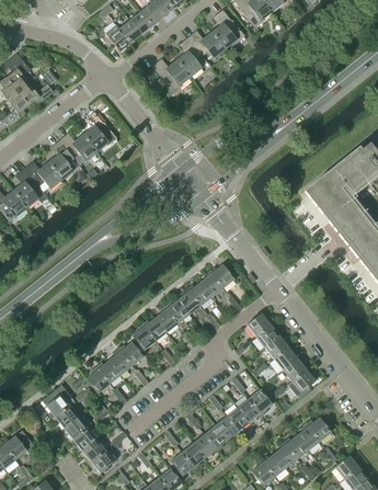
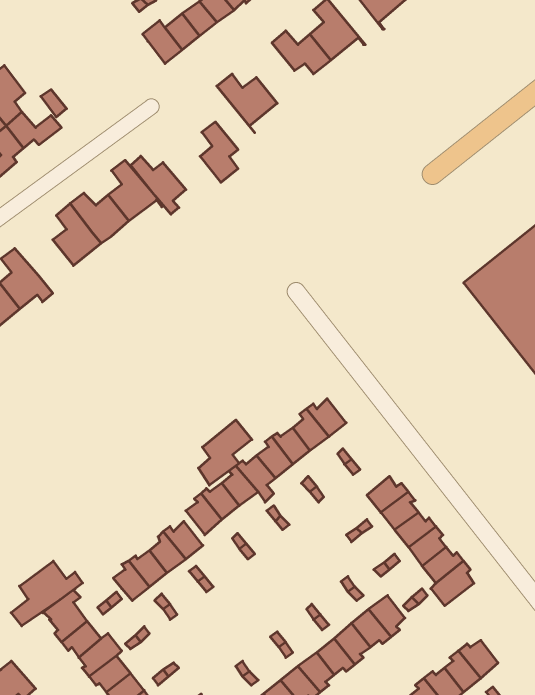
building: [176,38,201,77] -> [200,122,238,182]
building: none -> [131,156,186,214]
building: [23,161,60,189] -> none
building: none -> [198,420,252,485]
building: none -> [11,561,83,626]

